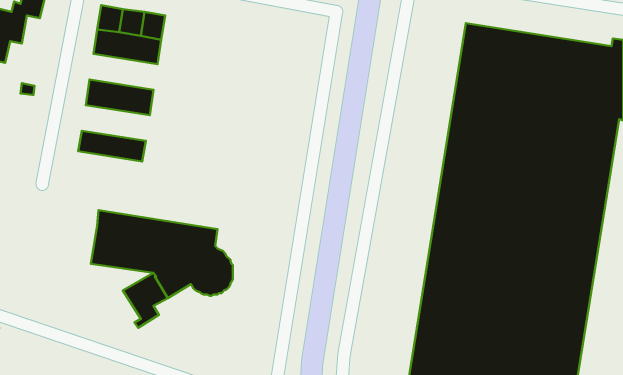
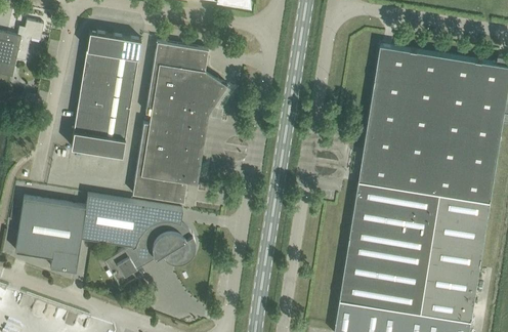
building: none -> [132,41,226,201]
building: none -> [80,69,134,97]
building: none -> [74,110,128,138]
building: none -> [15,196,86,271]

